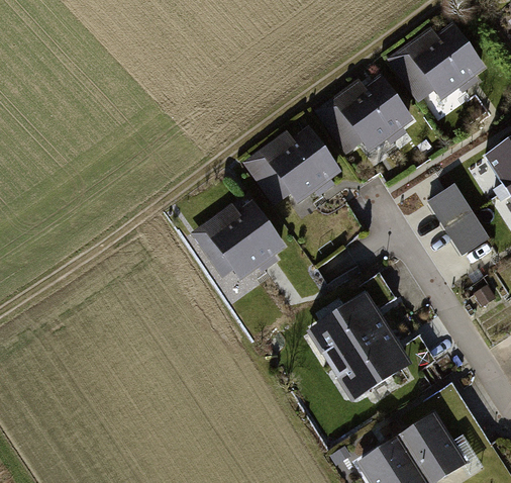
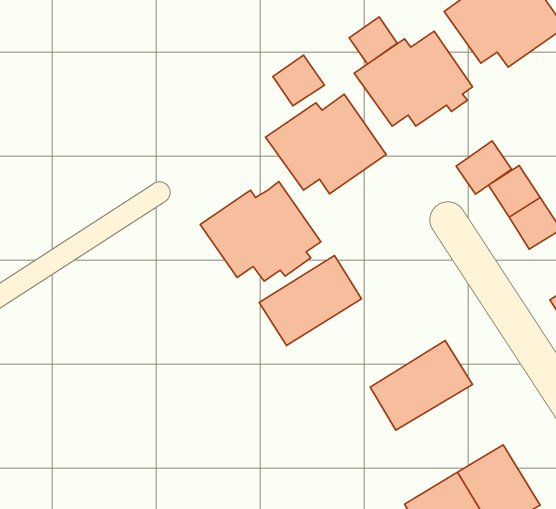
building: none -> [349,17,397,64]
building: none -> [273,55,324,106]
building: none -> [456,141,511,194]
building: [307,292,391,366] -> [259,256,361,345]

